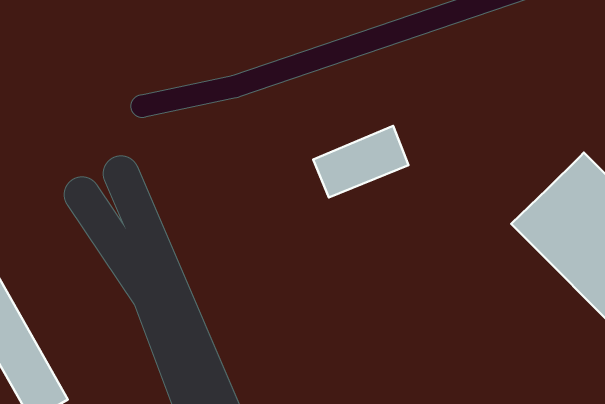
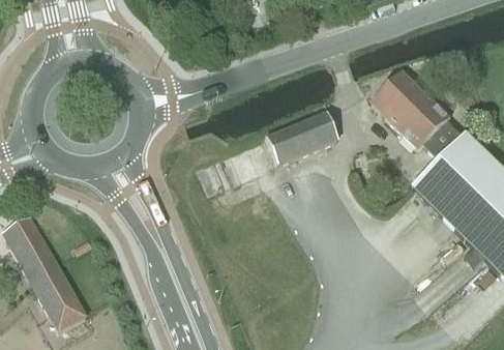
building: none -> [374,70,464,158]

